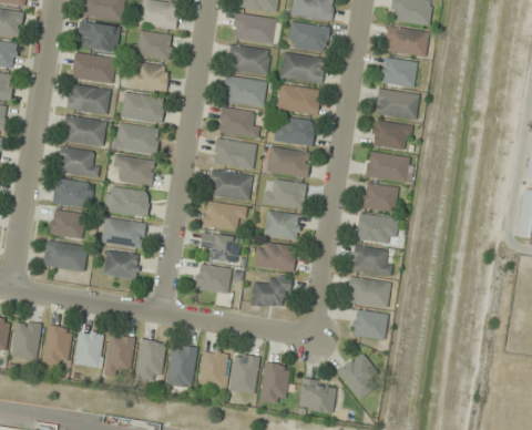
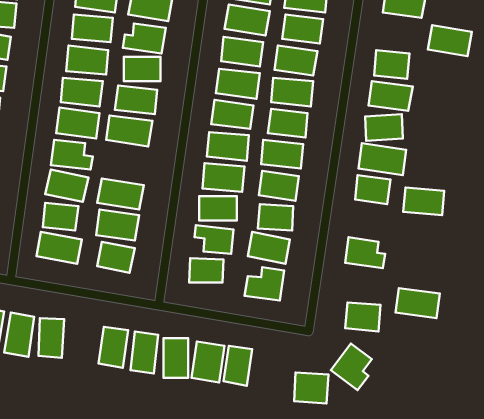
building: [383,25,428,57] -> [428,25,472,56]
building: [111,154,154,185] -> none
building: [356,215,397,243] -> [403,188,444,215]
building: [346,277,390,307] -> [396,288,440,318]
building: [74,331,103,367] -> none
building: [259,362,289,403] -> none

